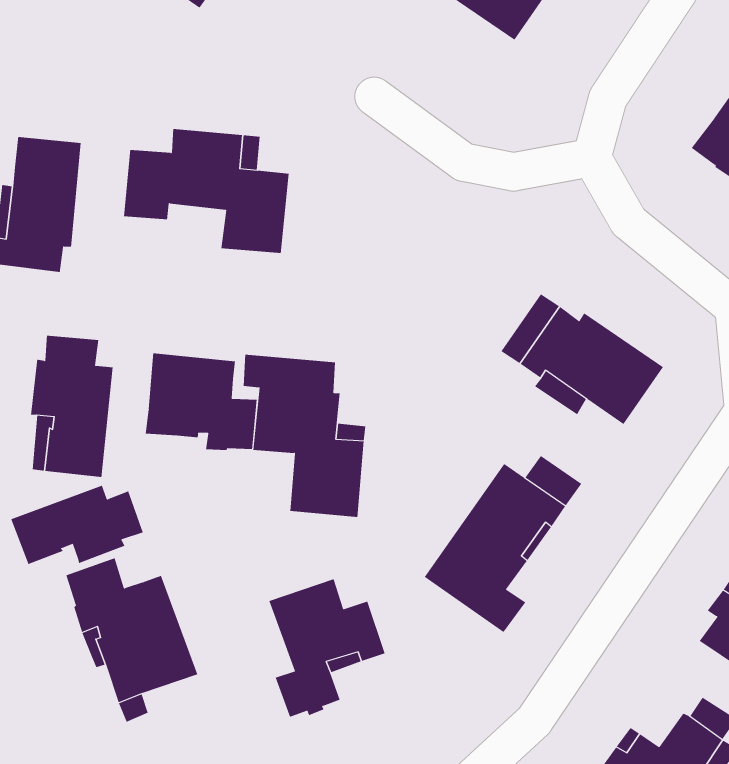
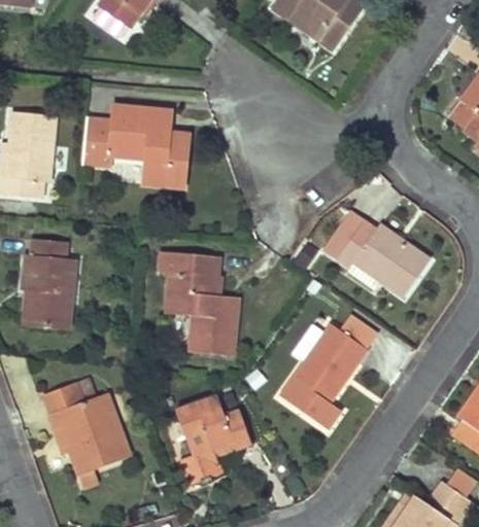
building: [145,352,257,451] -> none
building: [11,485,144,565] -> none

